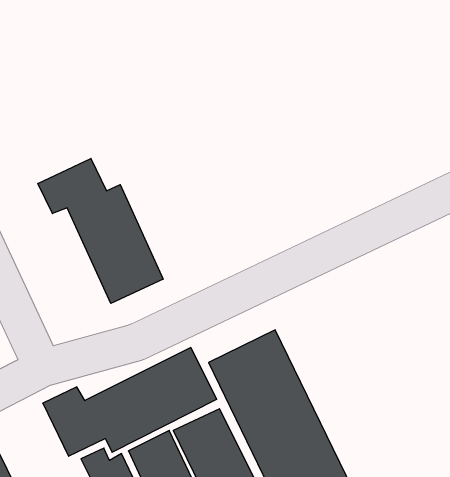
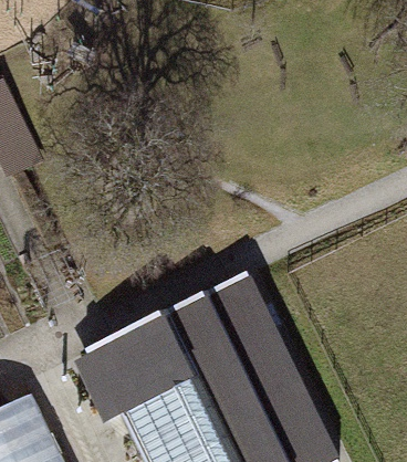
building: [38,158,163,303] -> none

